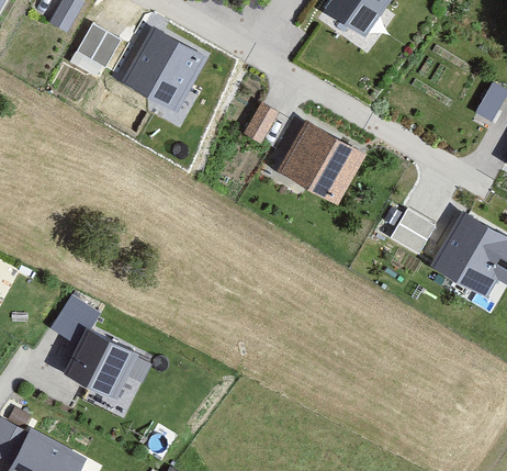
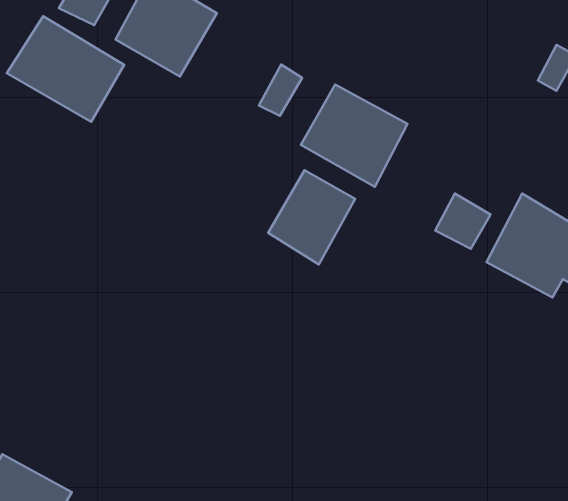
building: none -> [7,16,124,122]
building: none -> [268,170,355,264]
building: [49,296,136,397] -> none

